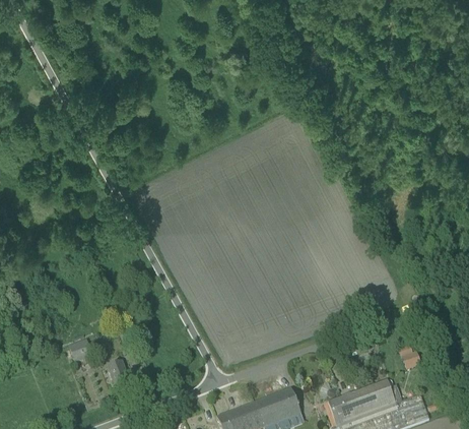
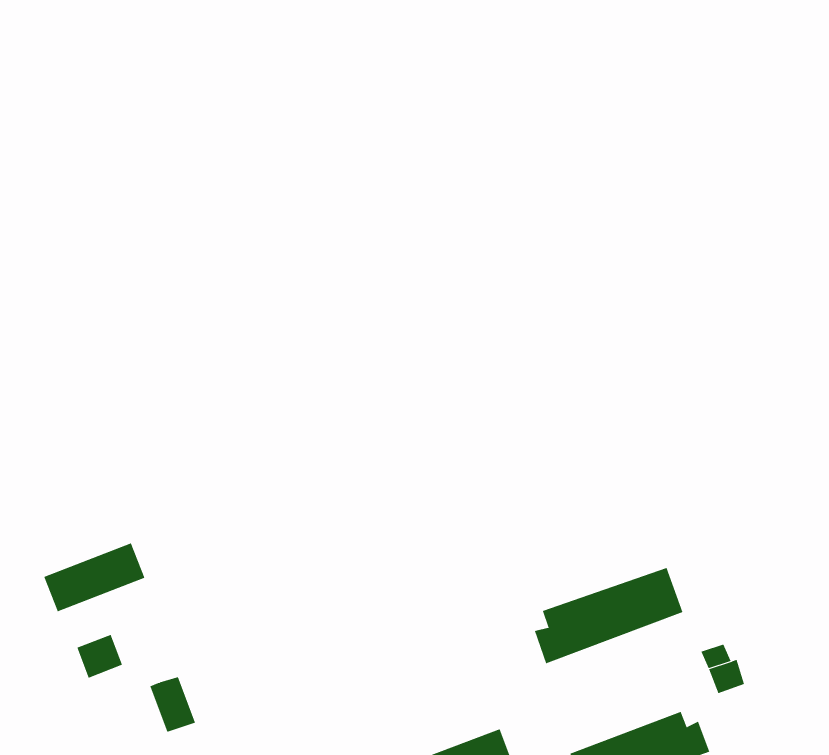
building: none -> [44,543,145,612]
building: none -> [534,567,683,664]

